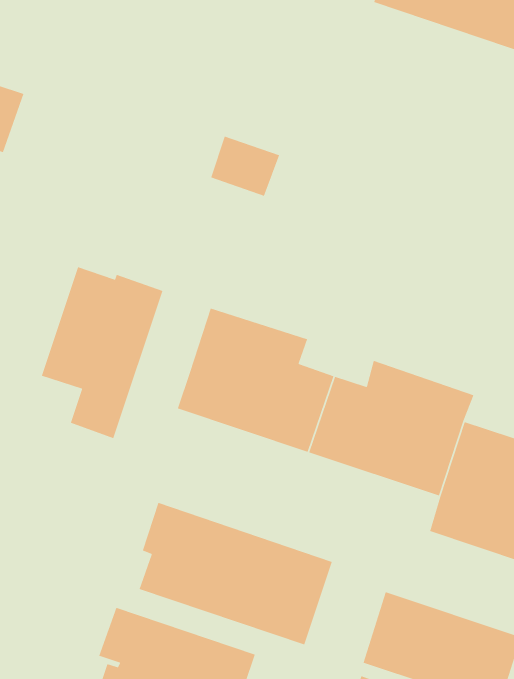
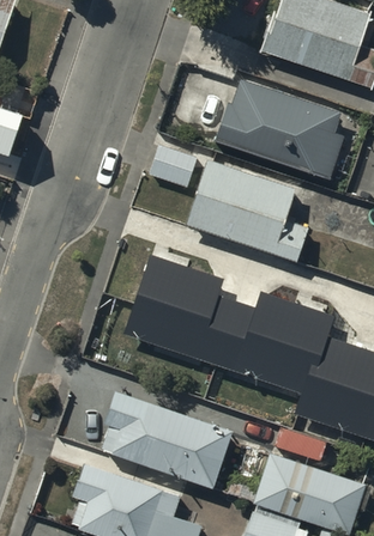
building: none -> [216,81,344,181]
building: none -> [192,162,307,257]
building: [41,266,164,439] -> none

